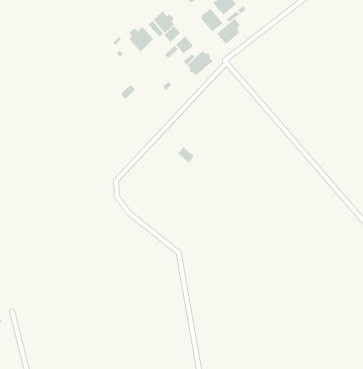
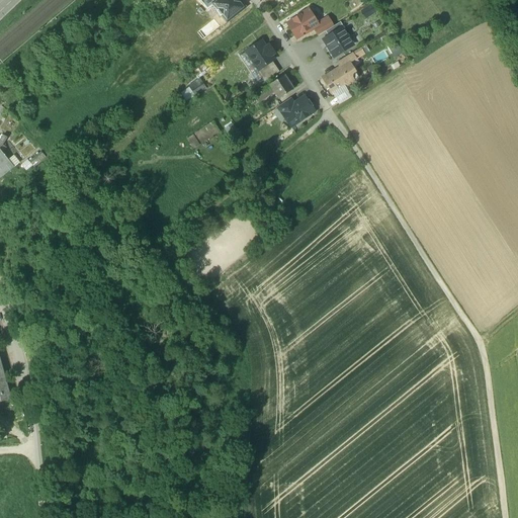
building: [200,8,224,33] -> none
building: [129,26,155,52] -> none

